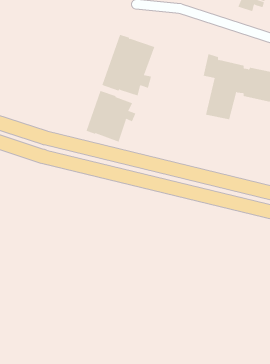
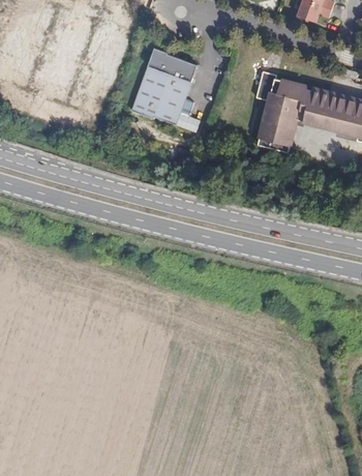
building: [86,90,136,142] -> none

